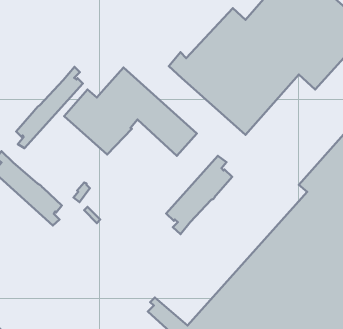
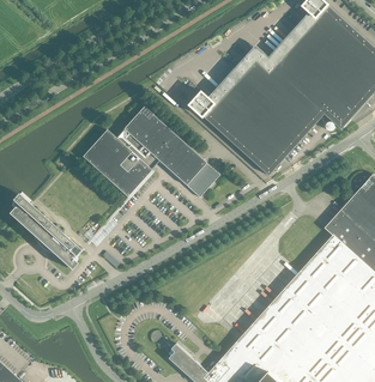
building: [16,67,83,148] -> none
building: [166,156,232,234] -> none

